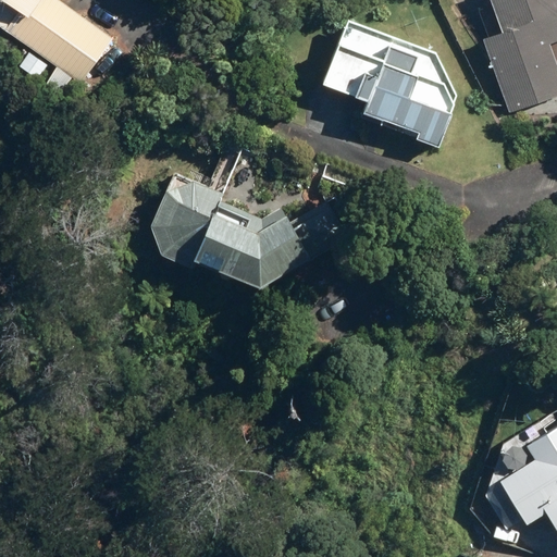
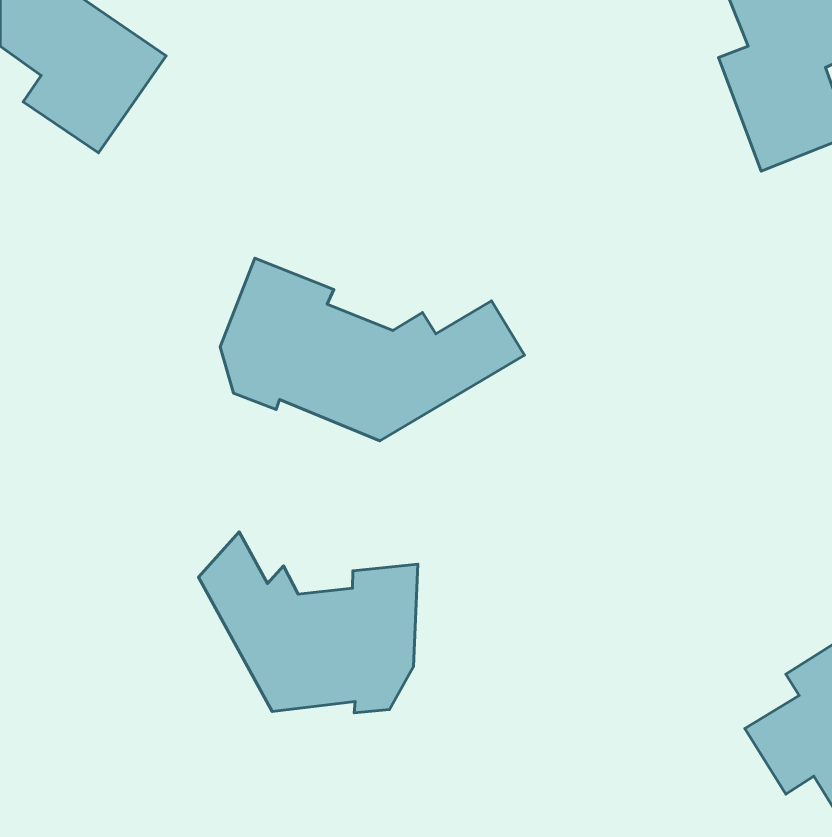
building: [319,18,460,149] -> none
building: none -> [199,532,418,713]

